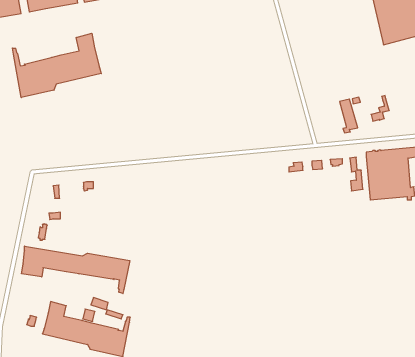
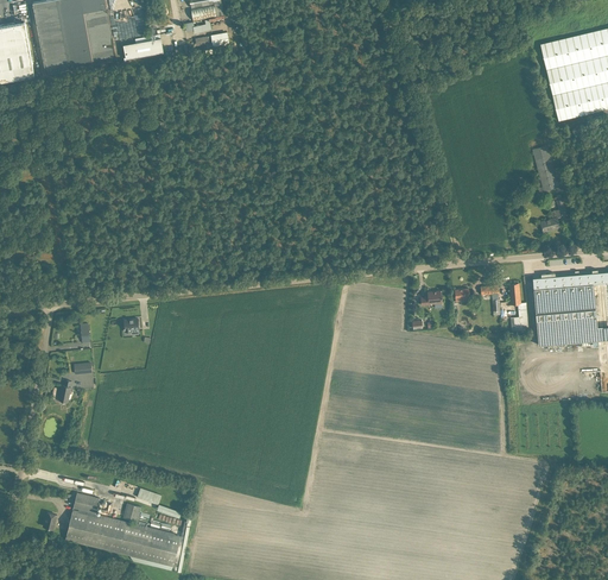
building: [12,33,101,98] -> none
building: [340,99,358,133] -> [533,146,559,195]
building: [22,246,130,294] -> none

